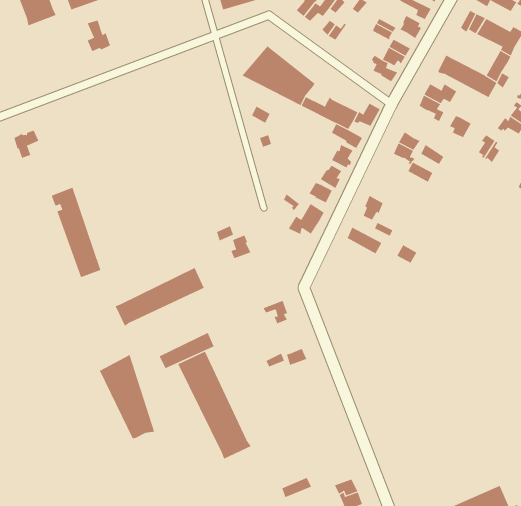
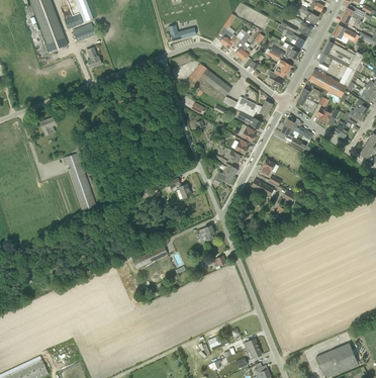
building: [115,267,204,327] -> none
building: [177,351,251,459] -> none
building: [99,354,155,439] -> none

